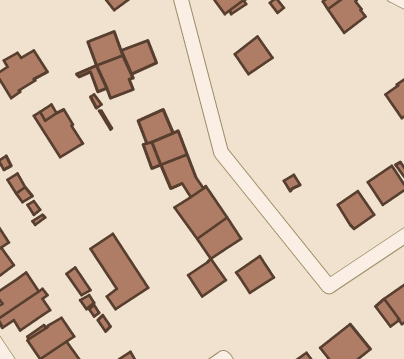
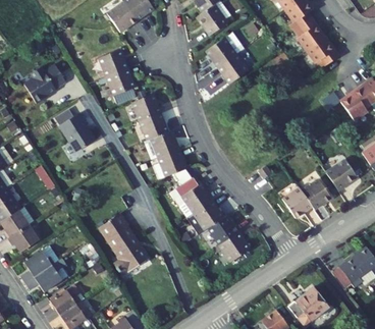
building: none -> [206,33,245,68]
building: none -> [307,38,339,69]
building: [121,40,156,74] -> [131,95,160,122]
building: none -> [282,187,312,218]
building: [188,259,226,296] -> [208,215,238,245]

